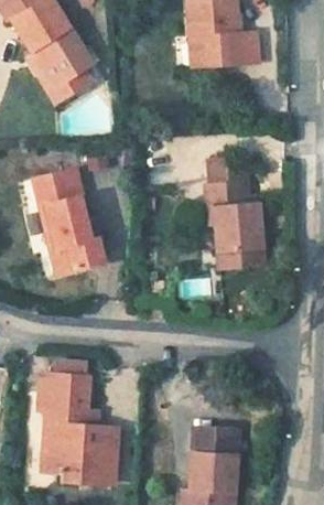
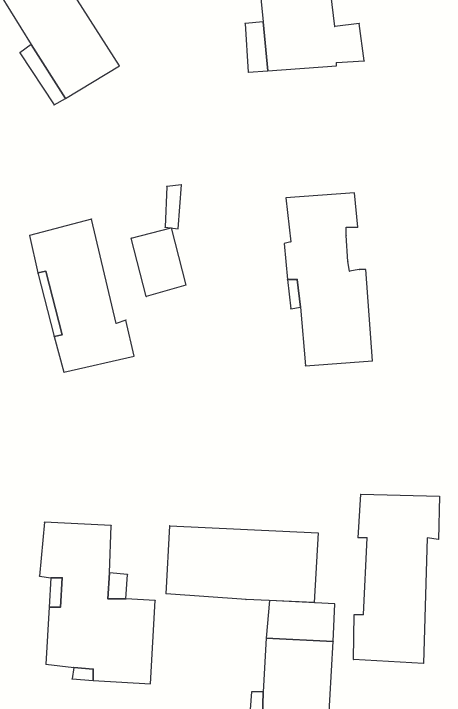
building: none -> [131,228,186,297]
building: none -> [354,494,439,663]
building: none -> [166,526,318,603]

